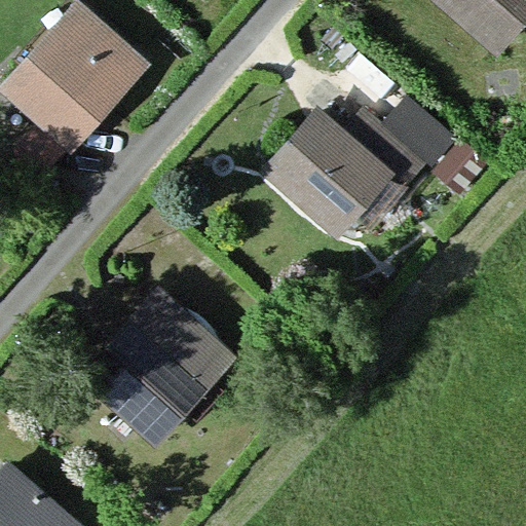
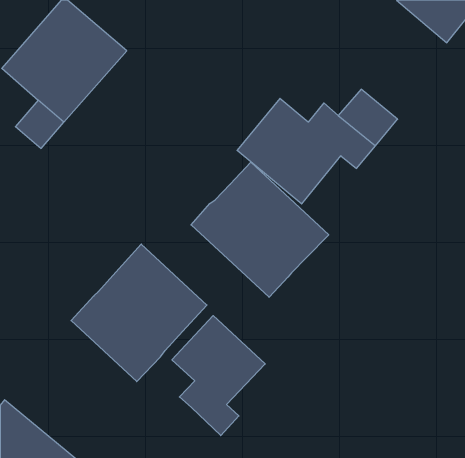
building: none -> [191,162,329,297]
building: none -> [172,316,265,436]

